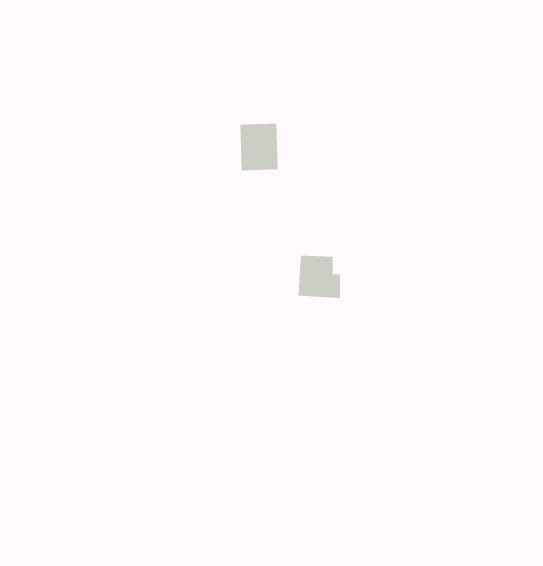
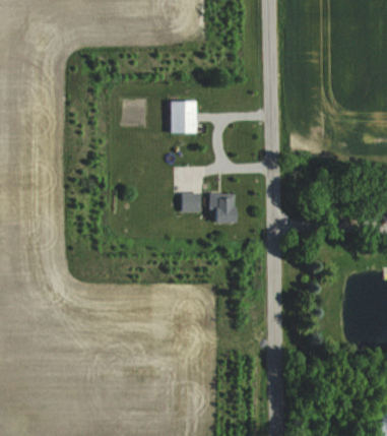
building: none -> [182,192,204,210]

